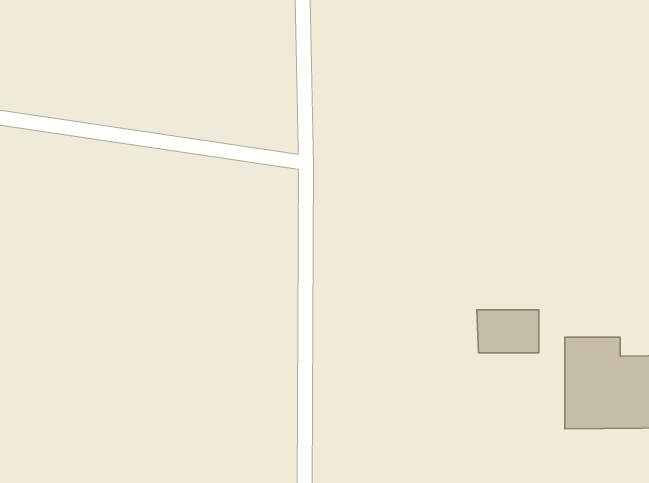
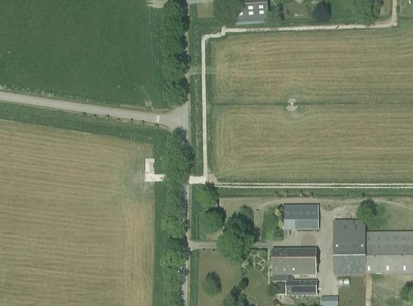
building: none -> [272,249,316,294]

